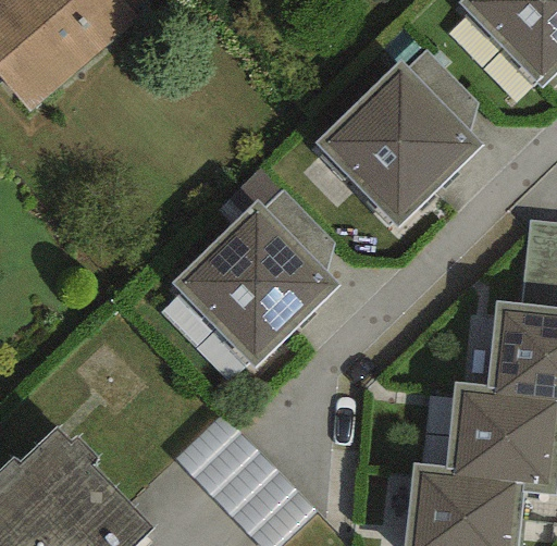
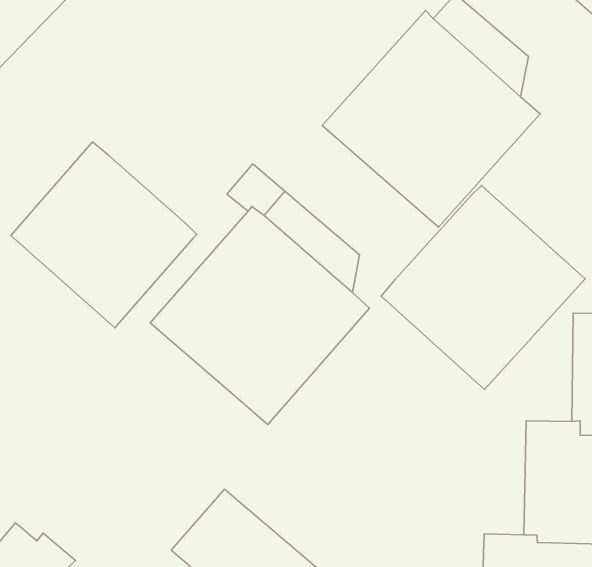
building: none -> [11,142,197,328]
building: none -> [381,186,585,389]

